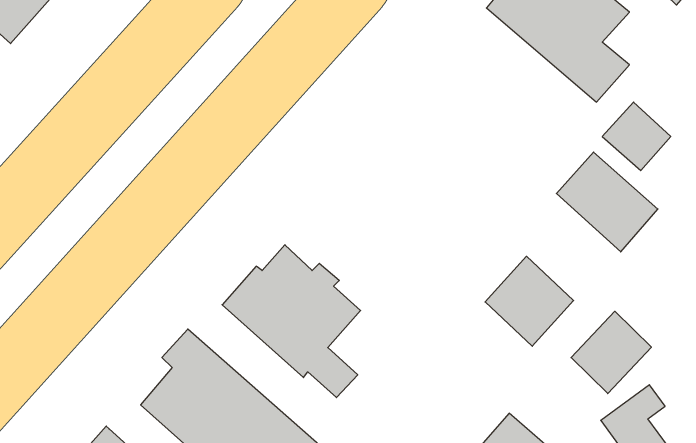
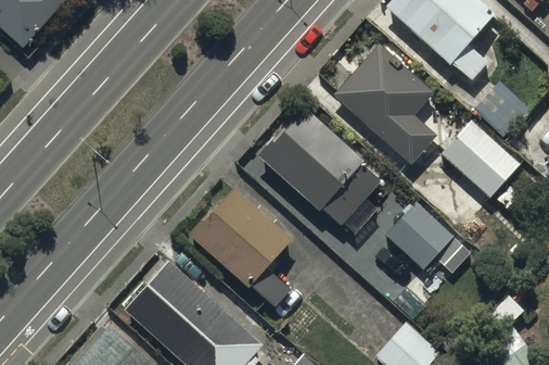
building: none -> [334,45,437,165]
building: none -> [259,108,379,231]
building: [571,311,651,394] -> none

